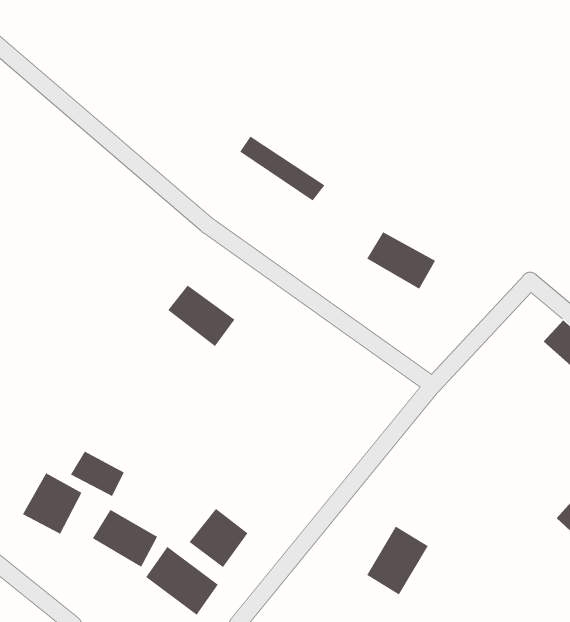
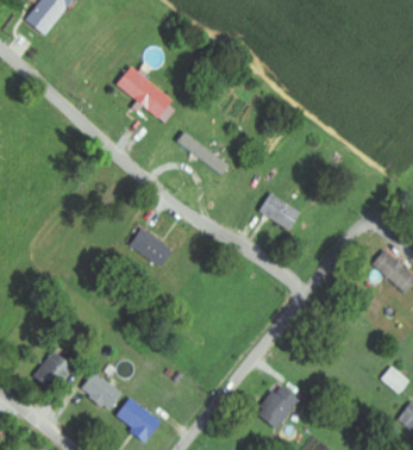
building: none -> [117,65,173,118]
building: [70,450,125,497] -> none
building: [188,508,249,568] -> none

